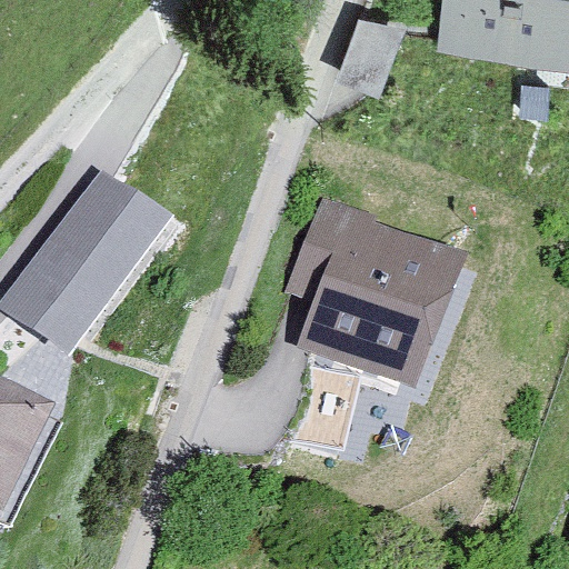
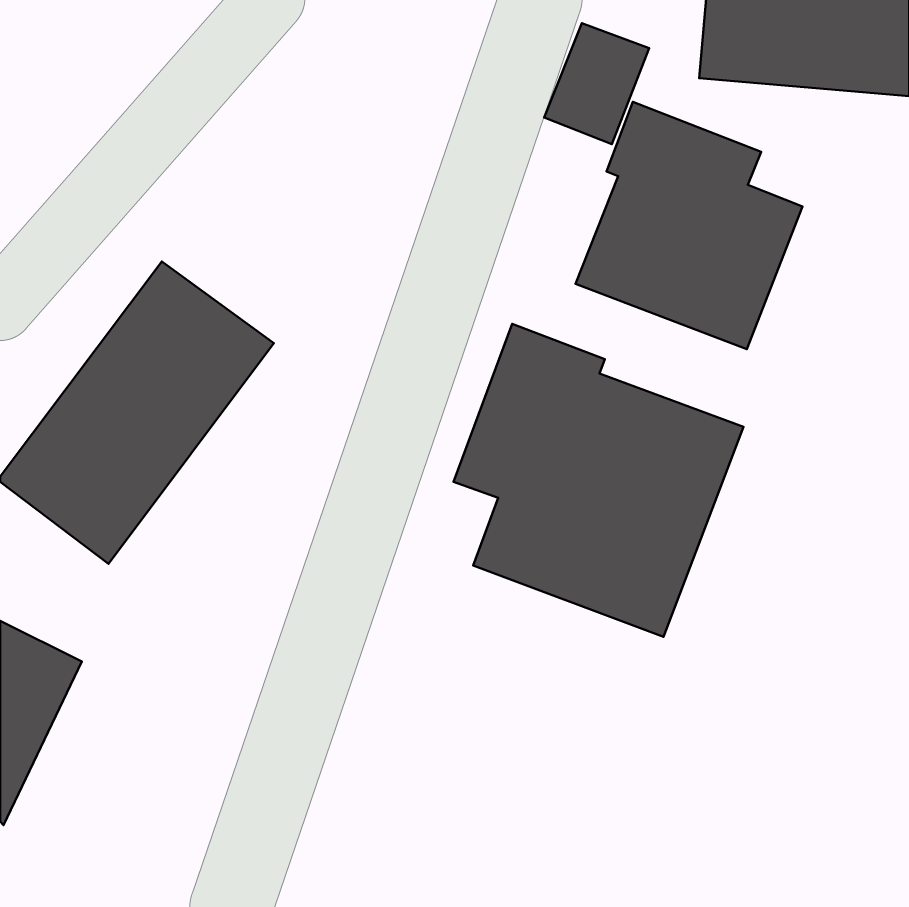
building: none -> [576,102,803,349]

